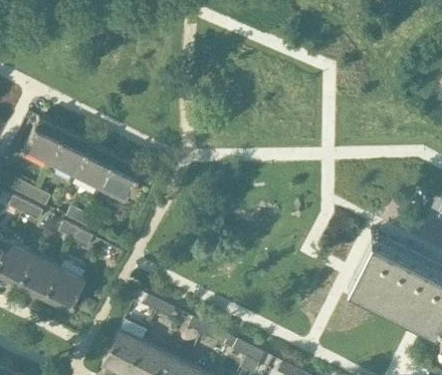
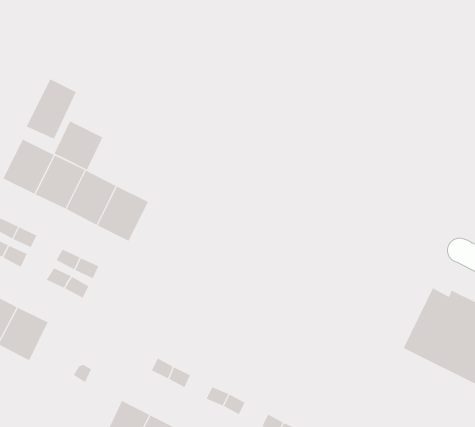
building: none -> [26,78,77,139]
building: none -> [54,121,103,170]
building: [43,268,84,312] -> none

